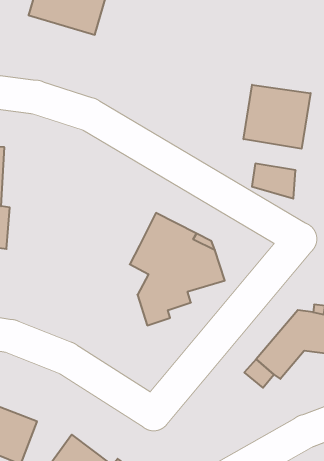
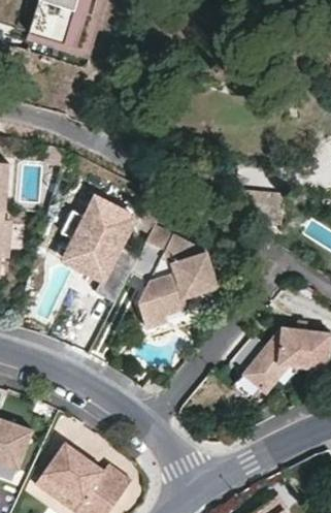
building: [244,85,311,149] -> none
building: none -> [58,202,133,311]

